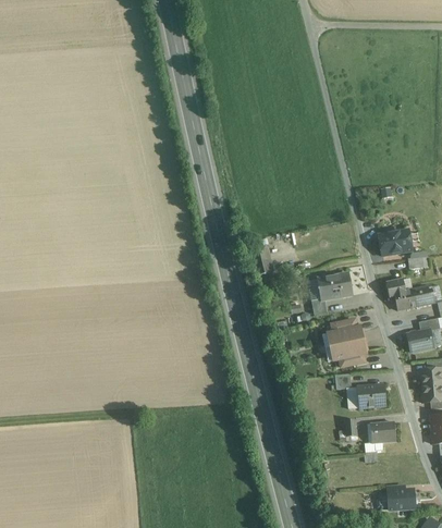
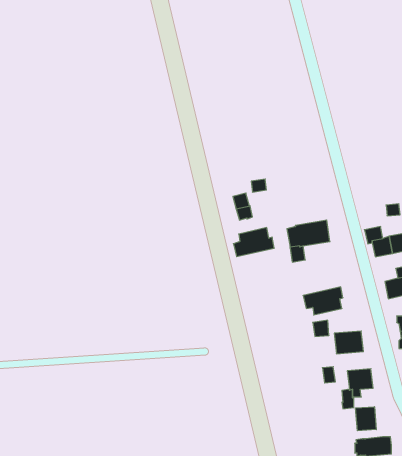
building: [378,228,412,255] -> none
building: [321,319,363,348] -> [233,228,274,257]
building: none -> [356,407,376,431]

